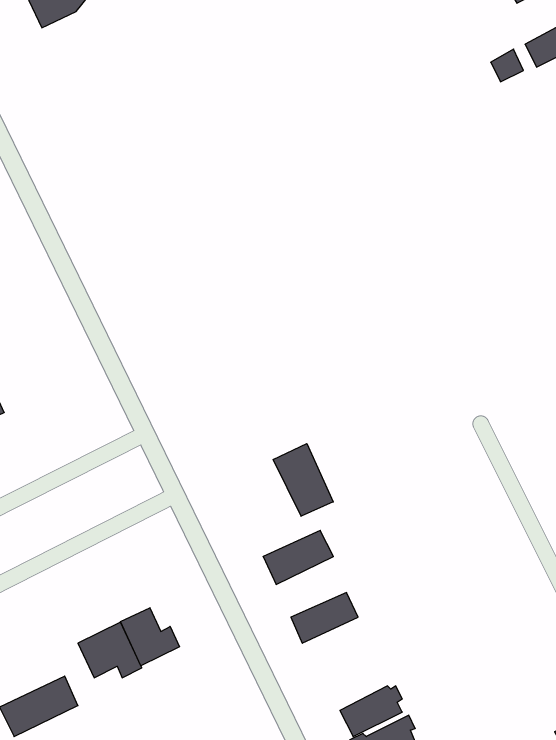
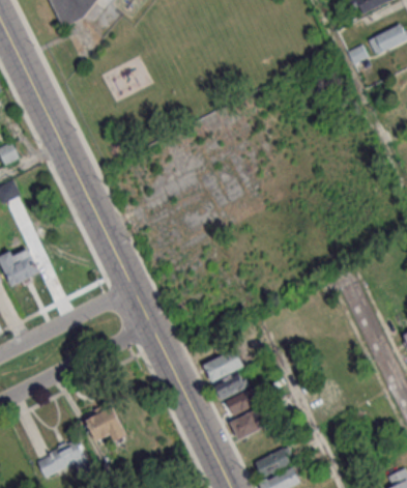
building: [273,444,333,516] -> none
building: none -> [214,373,249,399]
building: [121,608,179,666] -> none
building: none -> [230,406,270,440]

